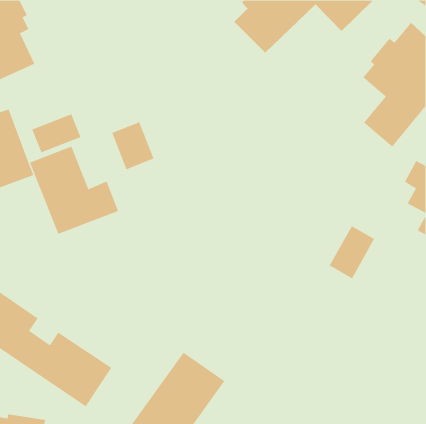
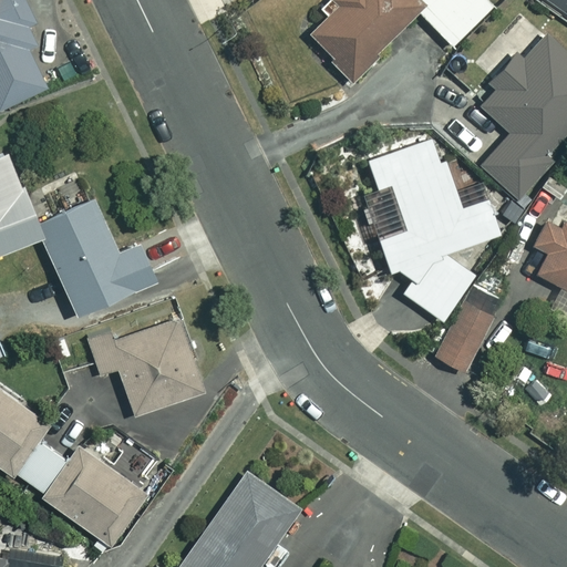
building: none -> [368,136,501,321]
building: [32,114,81,153] -> none
building: [111,121,154,170] -> none
building: none -> [85,317,204,416]

